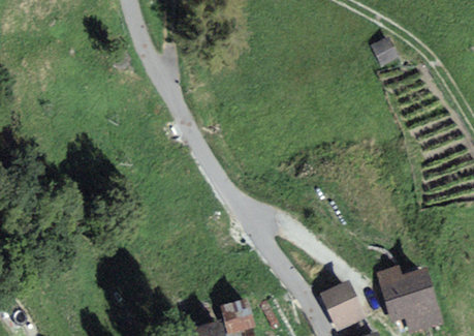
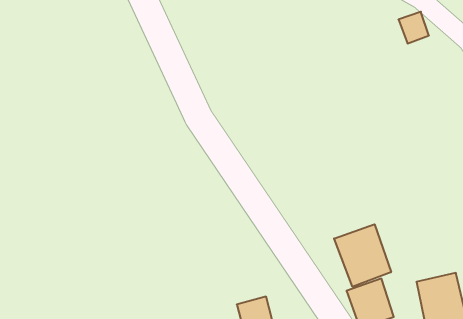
building: none -> [334,224,391,287]

